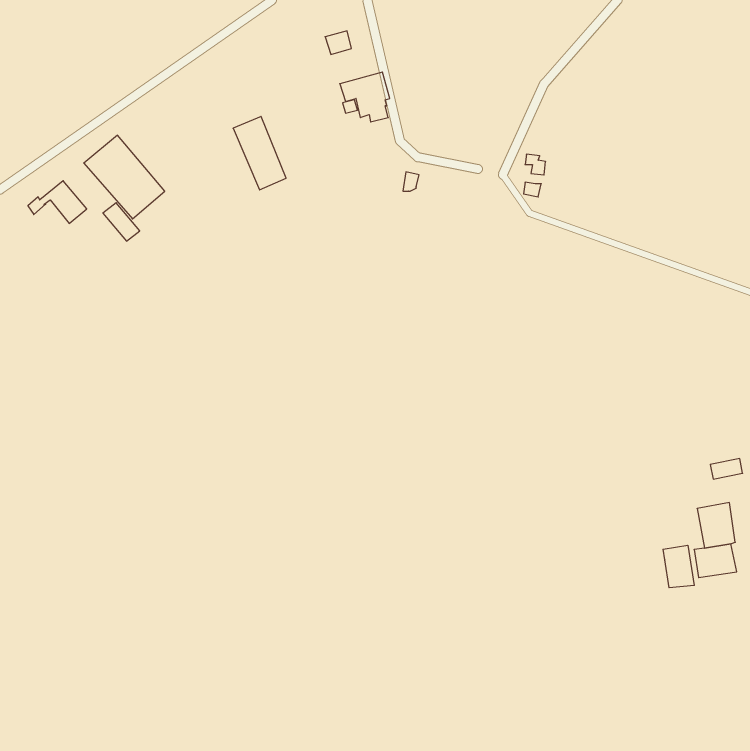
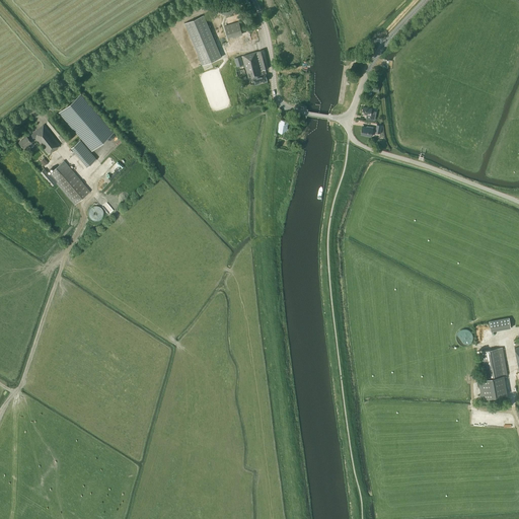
building: [233,116,286,190] -> [186,14,222,65]
building: none -> [41,160,91,205]
building: [663,545,694,588] -> none

